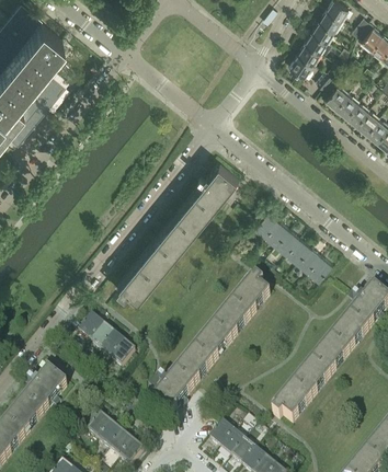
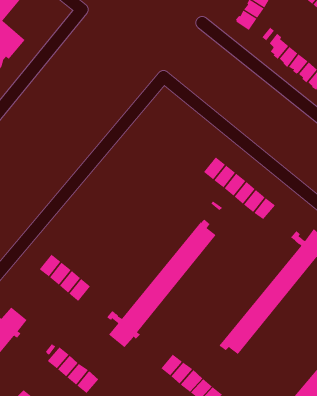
building: [117,164,237,299] -> none

